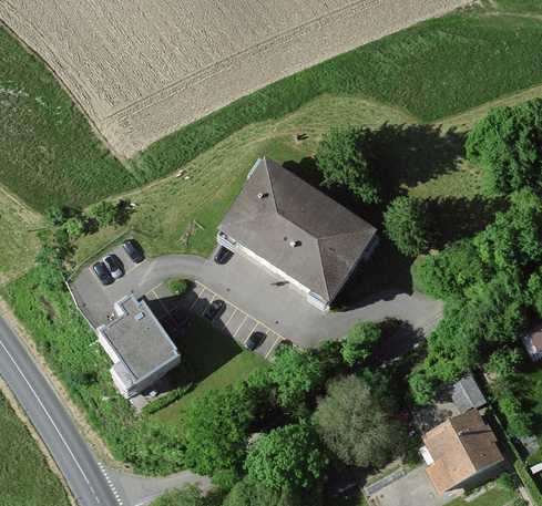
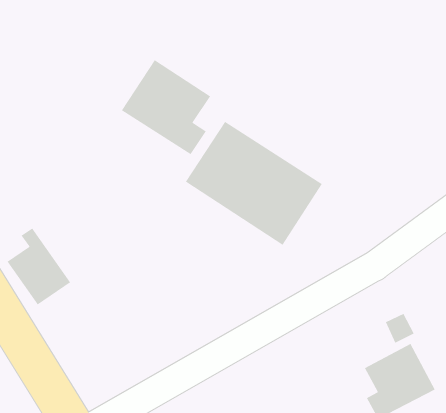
building: none -> [121,59,211,155]
building: [108,295,180,381] -> [6,228,71,306]

